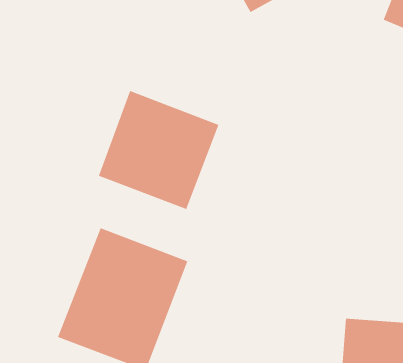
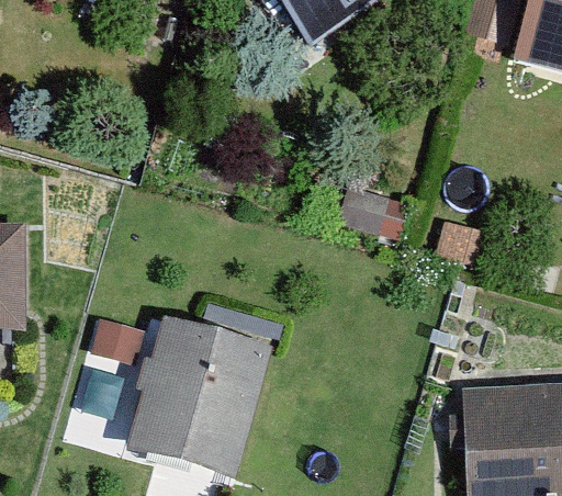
building: [98,90,219,210] -> none

